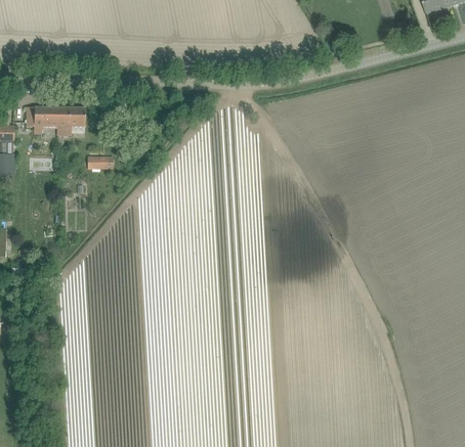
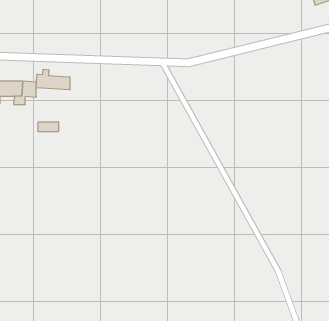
building: none -> [36,69,70,90]

